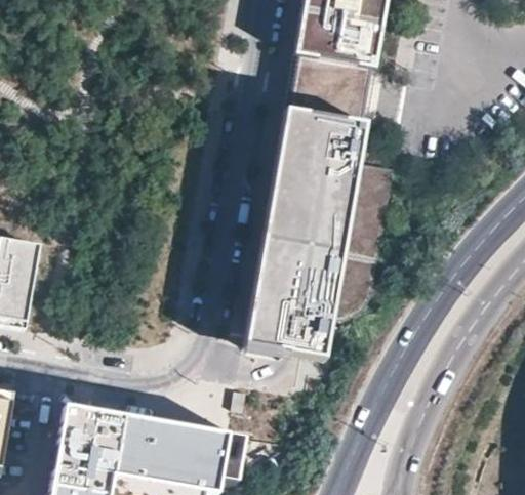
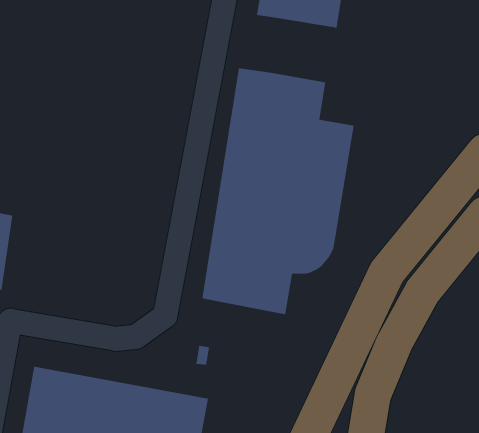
building: [304,50,370,115] -> none

